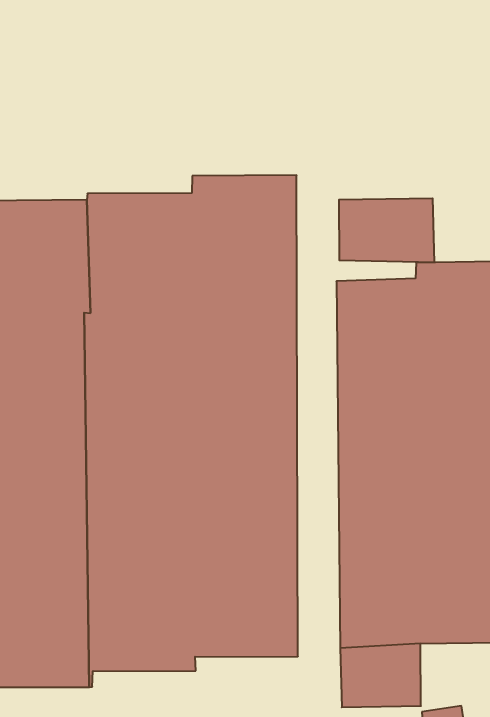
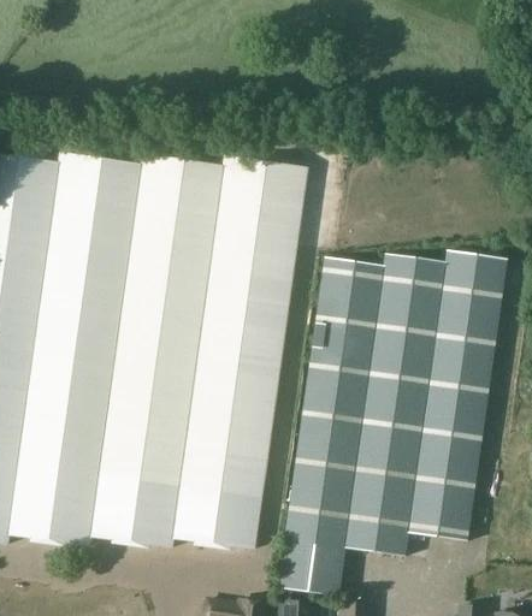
building: [339,198,434,262] -> none

